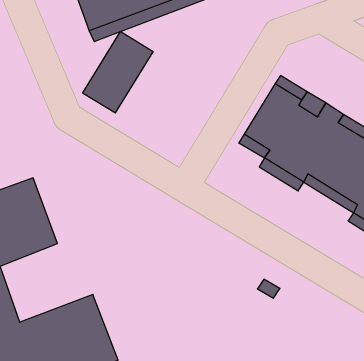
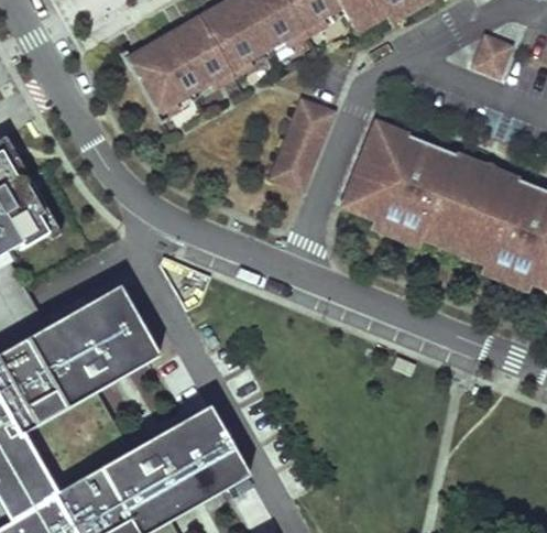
building: [83,32,153,113] -> [262,96,333,188]

